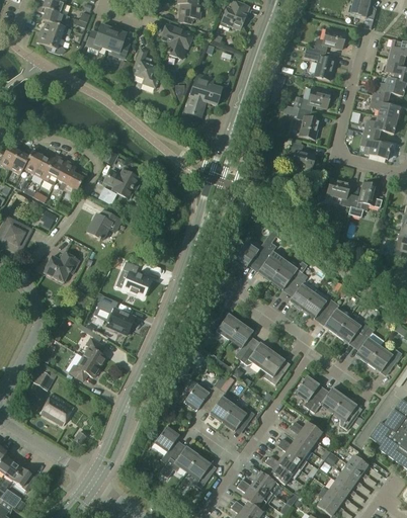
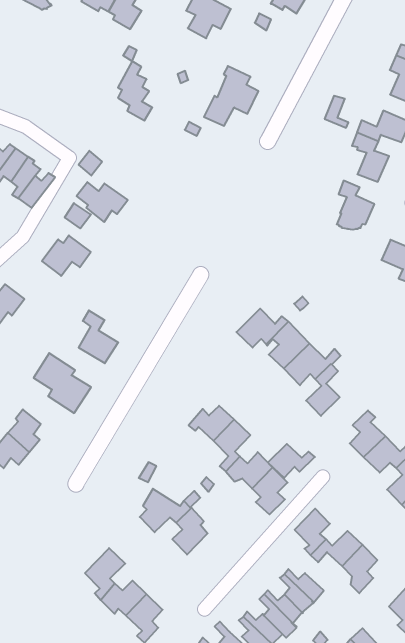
building: [133,48,159,88] -> [118,61,152,121]
building: [301,294,333,319] -> [268,444,315,478]
building: [222,405,254,431] -> none

